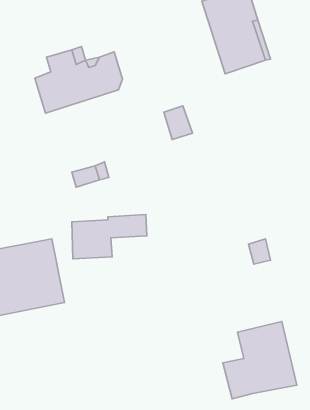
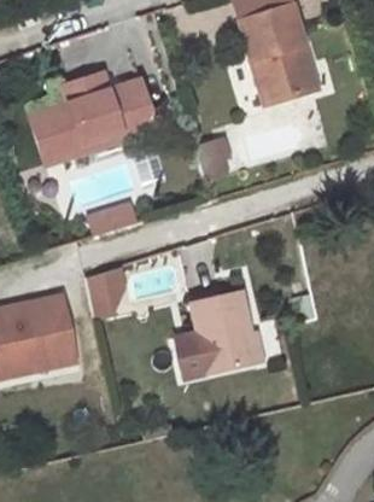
building: none -> [31,109,144,163]
building: [223,322,297,399] -> [173,291,257,379]

